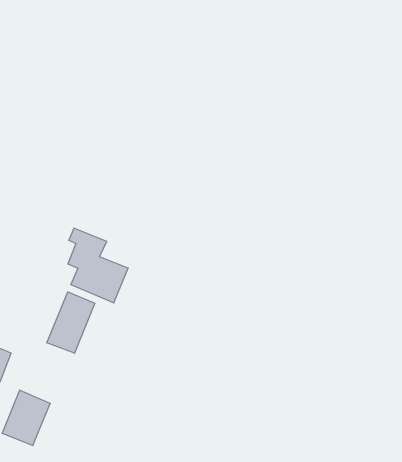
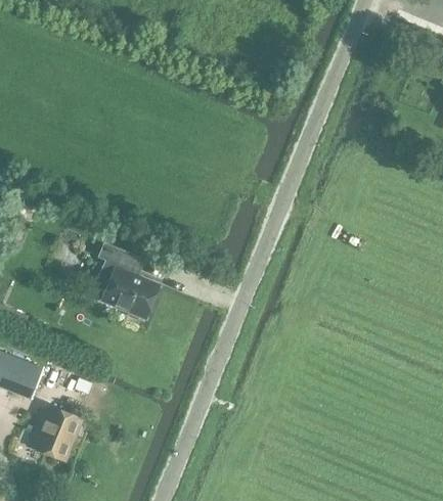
building: [47,292,95,353] -> none

